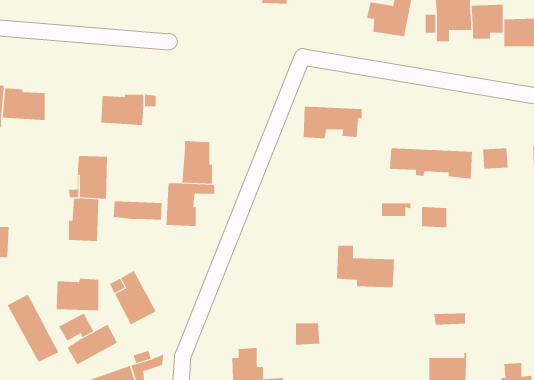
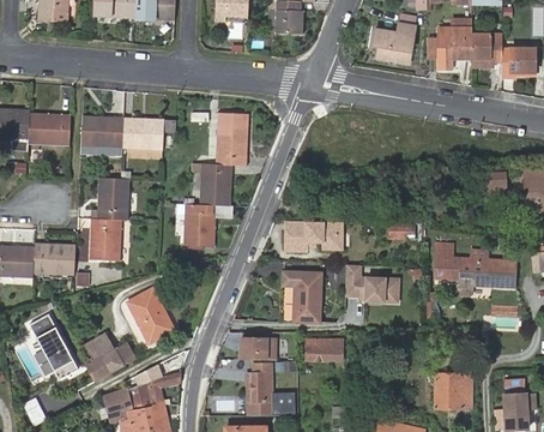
building: none -> [216,113,248,166]
building: none -> [79,116,121,156]
building: [303,106,363,139] -> [286,220,344,251]
building: [389,148,473,179] -> [435,257,515,287]
building: [113,201,162,220] -> none
building: none -> [282,271,321,323]
building: [56,278,99,311] -> [31,245,73,276]
building: none -> [237,338,273,361]

